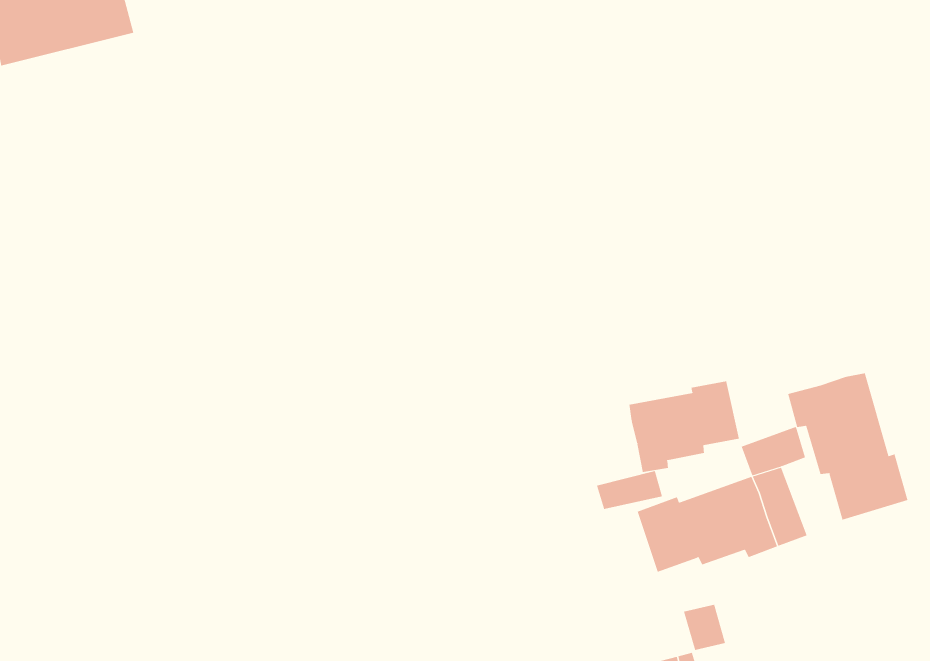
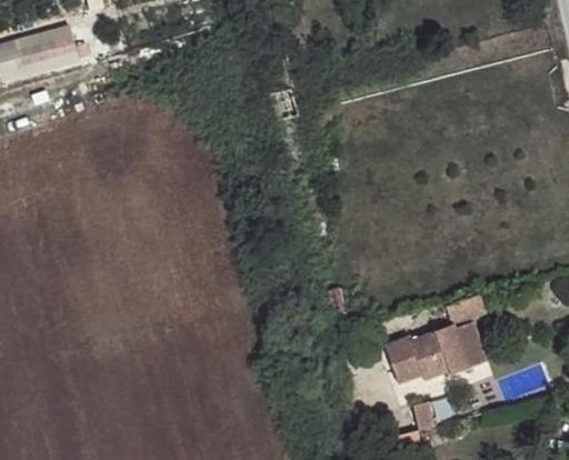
building: [788,372,908,521] -> none
building: [629,381,740,473] -> none

